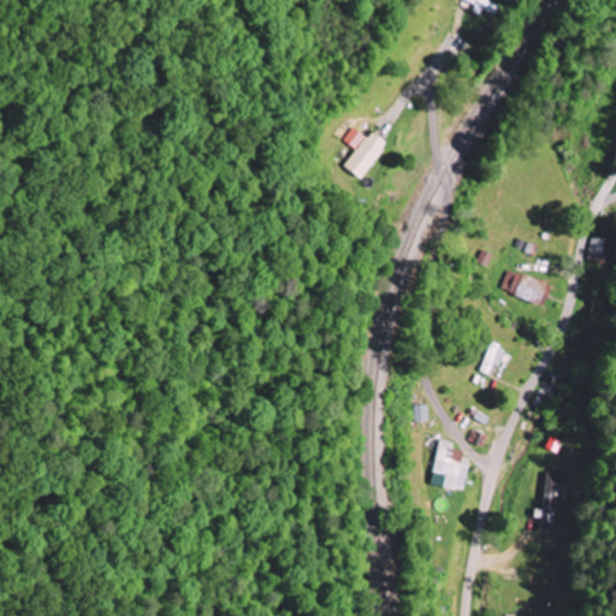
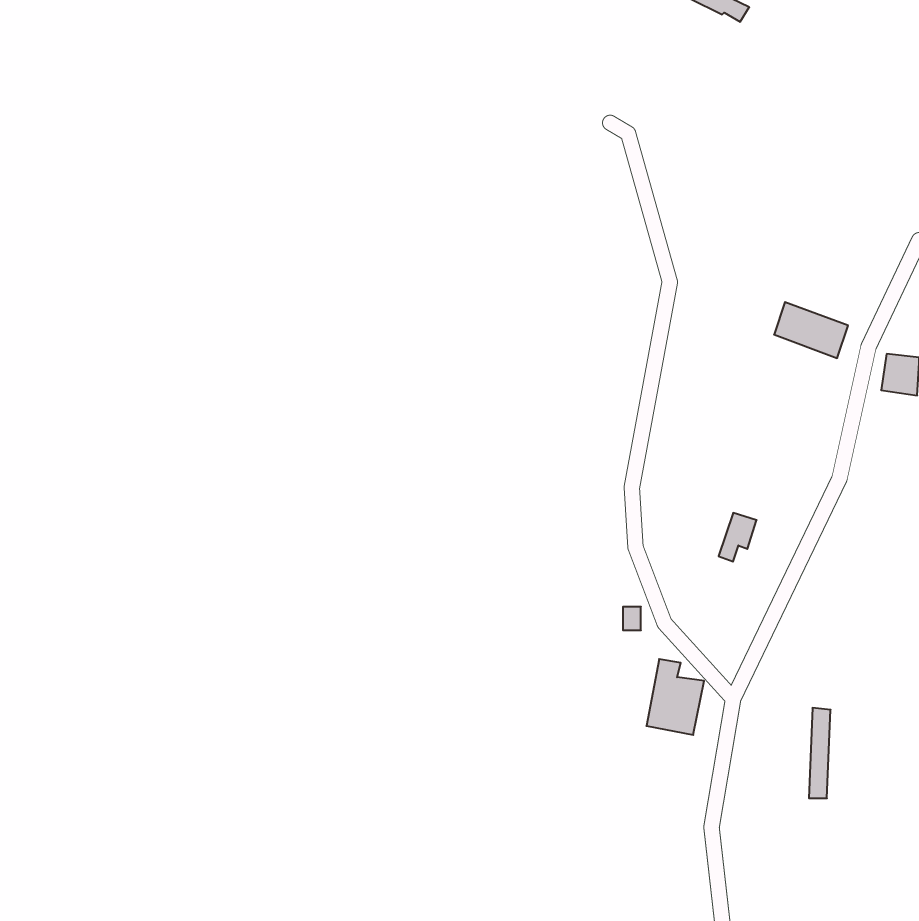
building: [345,130,385,178] -> none
building: [499,268,549,306] -> [774,302,848,358]

